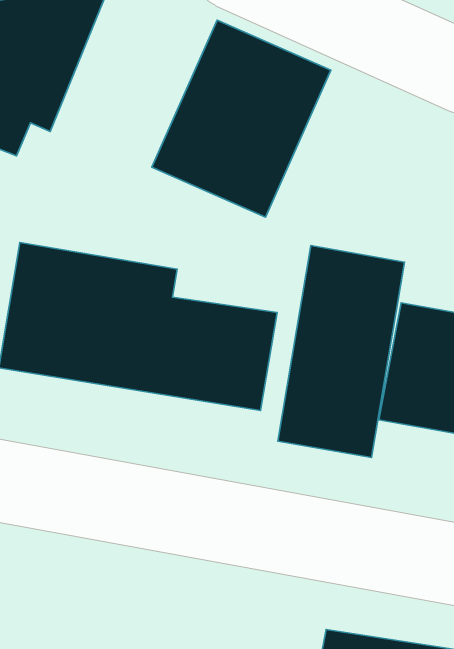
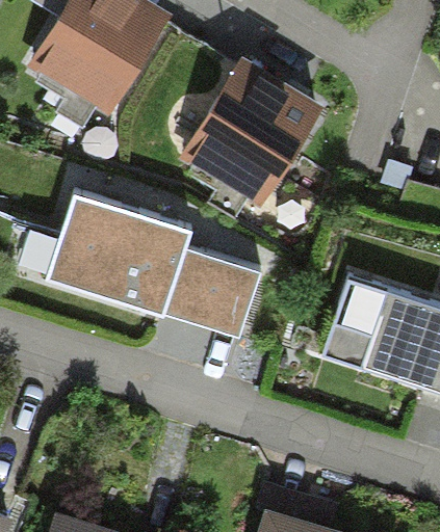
building: [278,246,405,458] -> none

